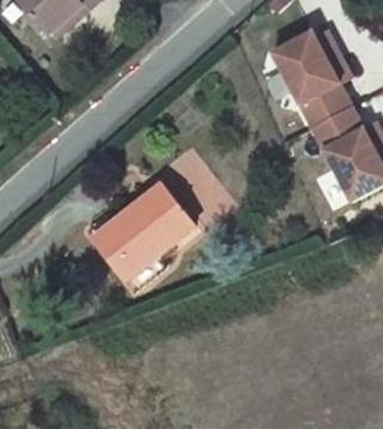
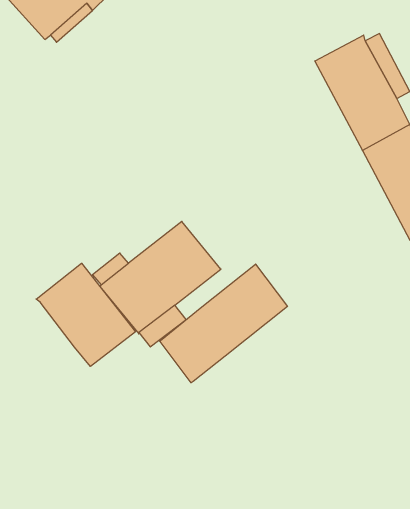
building: none -> [36,263,135,366]
building: none -> [159,264,287,383]

